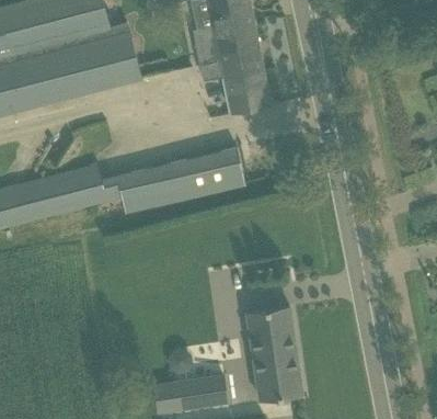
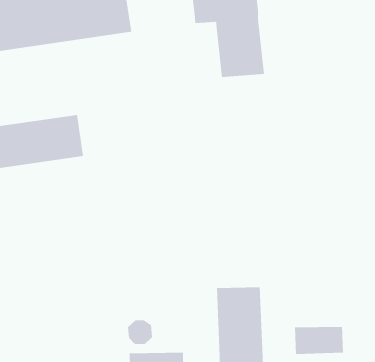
building: [116,149,244,213] -> none
building: none -> [294,326,344,355]

